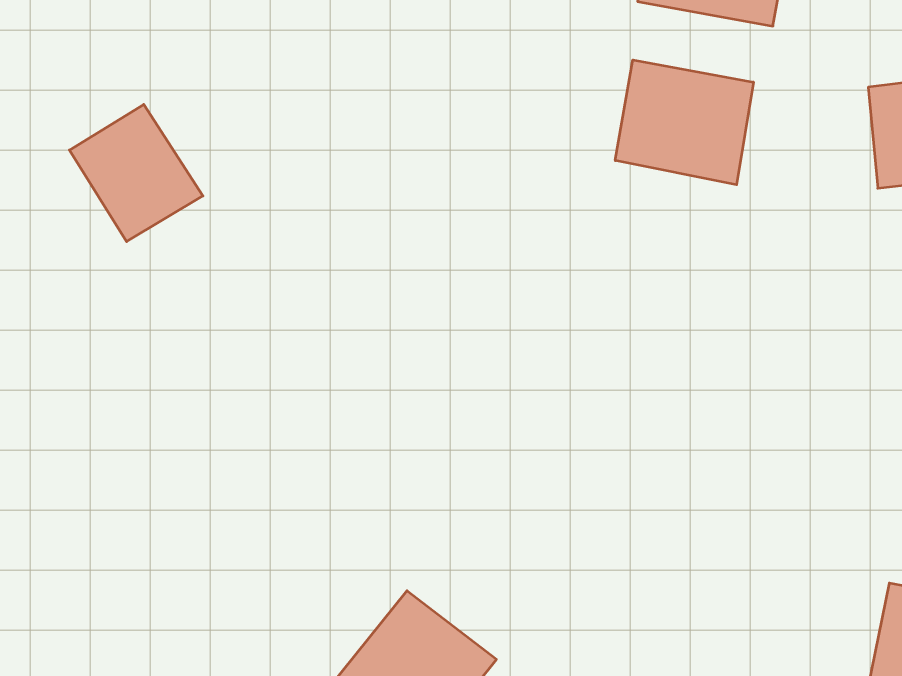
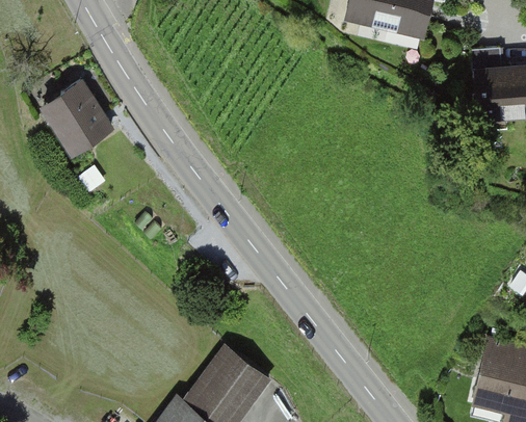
building: [615,60,753,185] -> none

